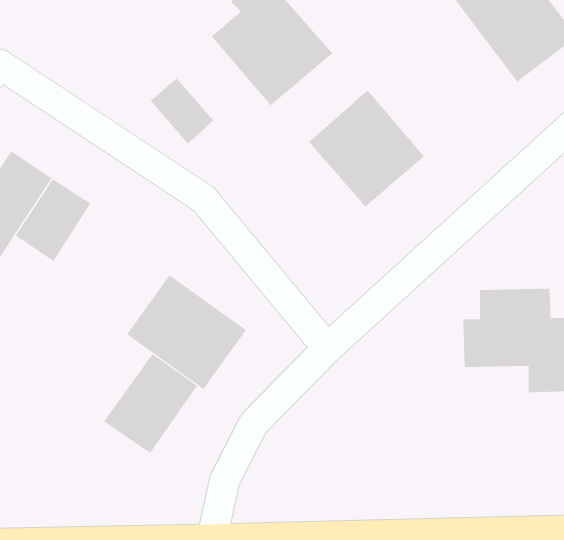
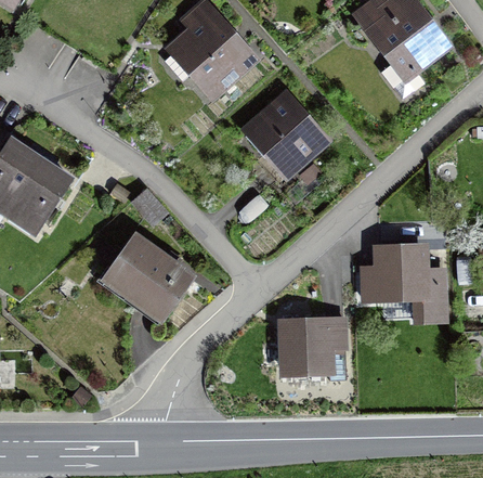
building: [150,77,214,145] -> none
building: [103,353,198,454] -> none
building: none -> [278,318,350,377]

